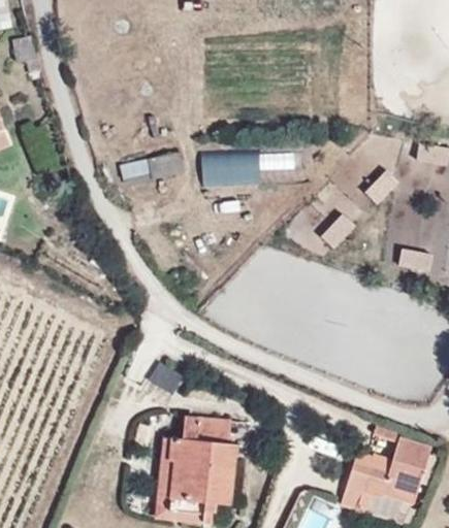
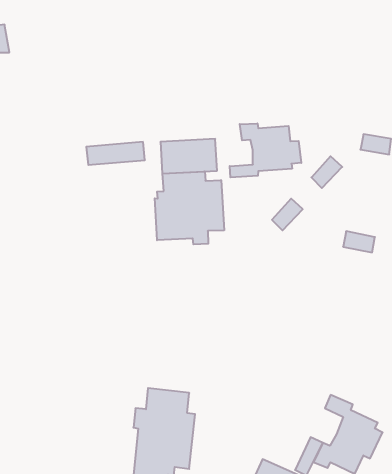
building: none -> [230,123,301,177]
building: none -> [155,171,224,244]

